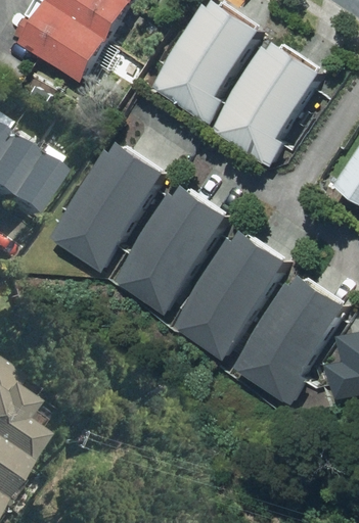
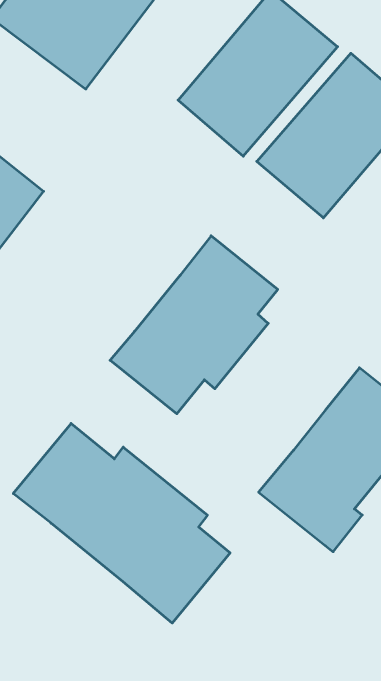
building: [48,140,168,273] -> none
building: [172,228,290,362] -> none
building: none -> [13,423,230,623]

